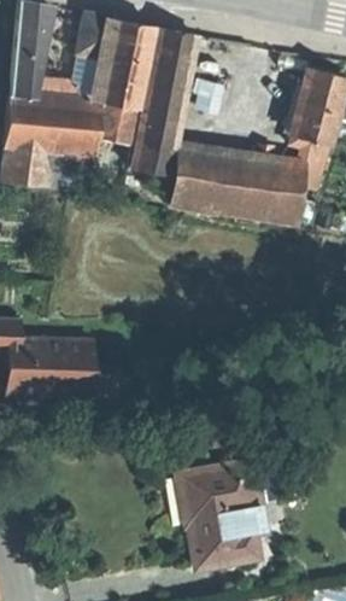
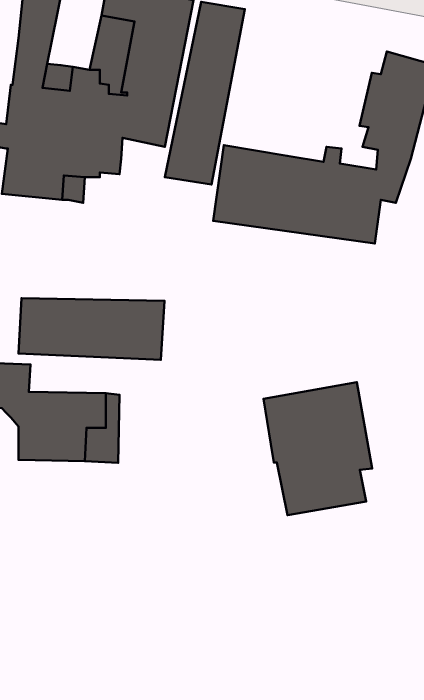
building: none -> [19,298,165,360]
building: [180,462,266,568] -> [263,382,372,515]

